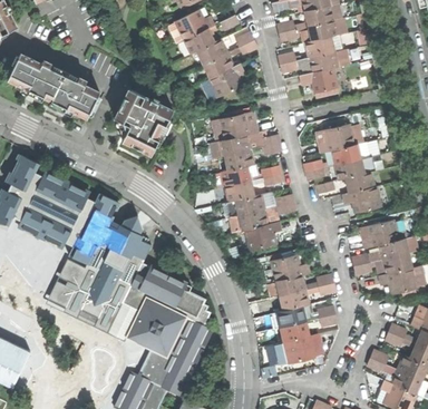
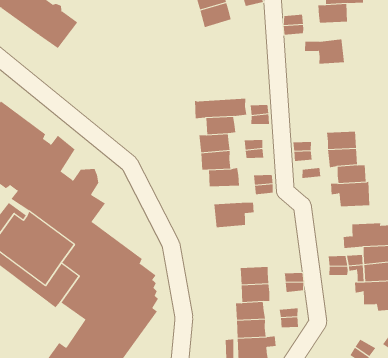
building: [310,49,349,72] -> none
building: [210,62,245,97] -> none
building: [115,88,174,155] -> none
building: [212,114,259,143] -> none
building: [319,125,363,153] -> none
building: [230,210,269,233] -> none
building: [271,255,309,282] -> none

